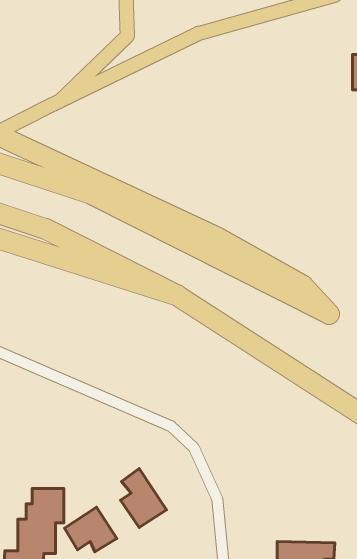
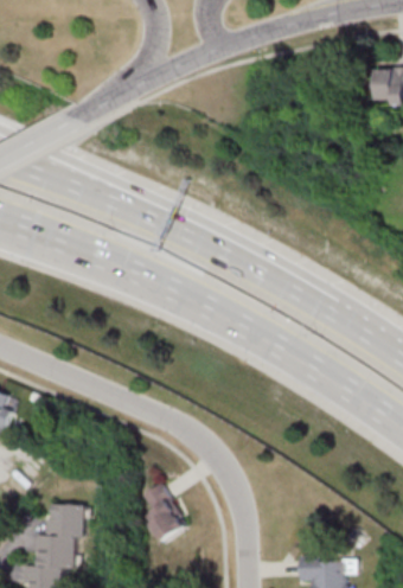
building: [65,507,117,552] -> none

